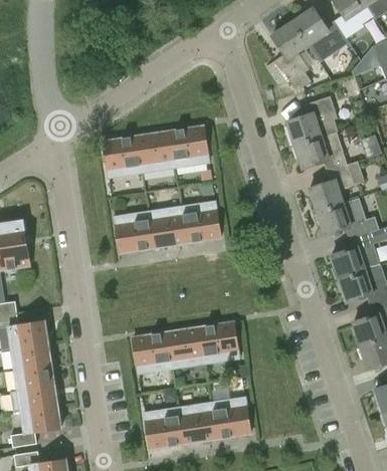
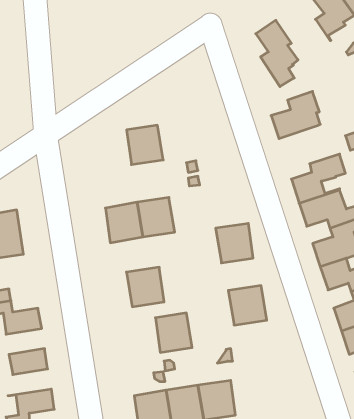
building: [292,6,348,55] -> none
building: [168,126,208,167] -> none
building: [295,131,358,171] -> none
building: [102,136,141,177] -> none
building: [180,201,219,242] -> [216,223,253,263]
building: [198,321,238,363] -> [228,286,267,325]
building: [132,331,171,373] -> [126,267,164,307]
building: [10,342,50,370] -> none
building: [9,385,57,413] -> none

